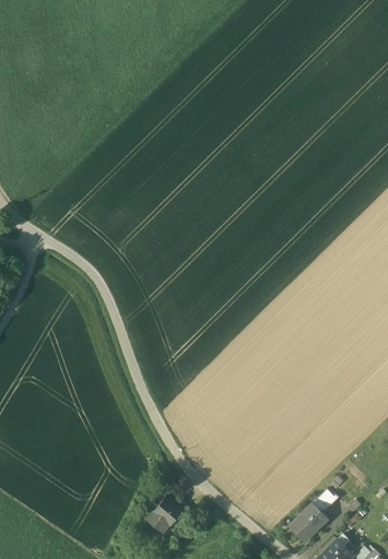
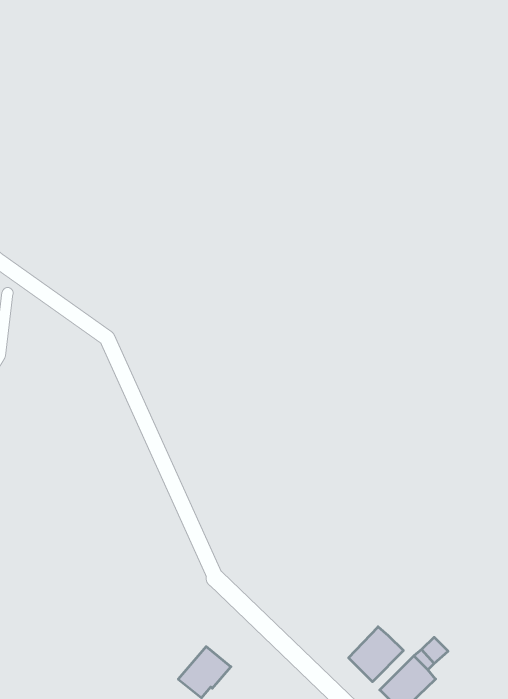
building: none -> [349,627,403,682]

